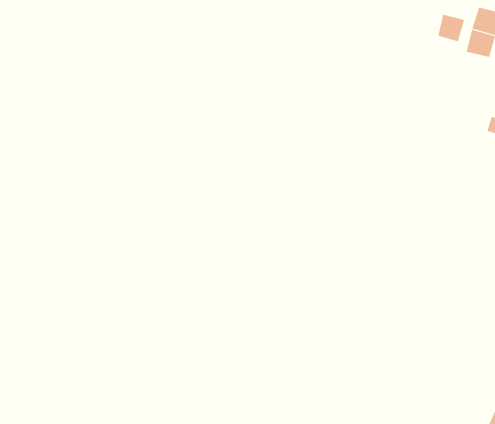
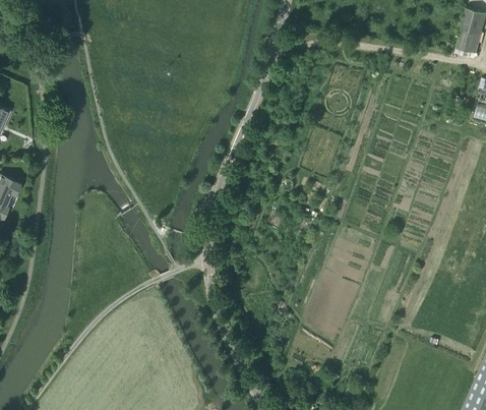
building: [438,14,465,42] -> none

